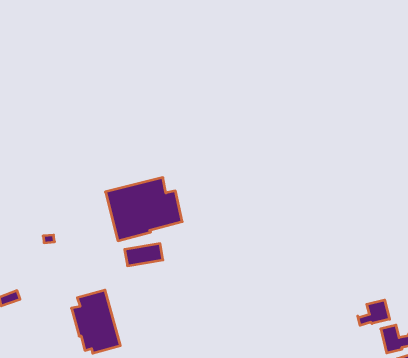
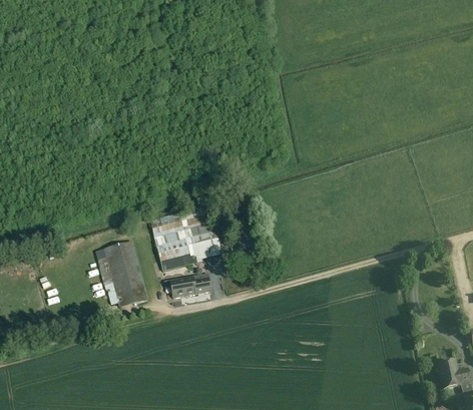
building: [71,290,120,353] -> [97,242,148,308]
building: [358,300,390,325] -> none

